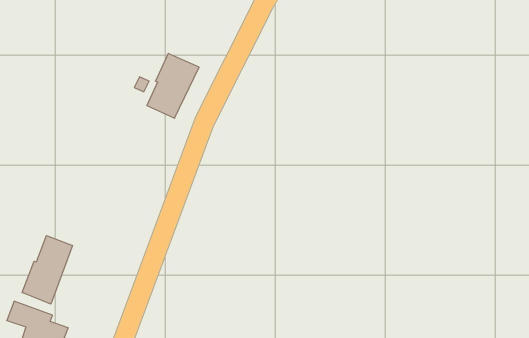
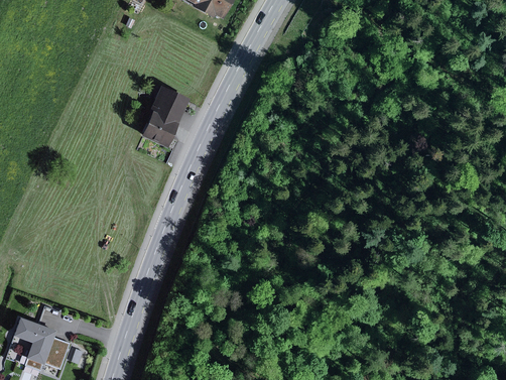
building: [22,236,73,304] -> none

